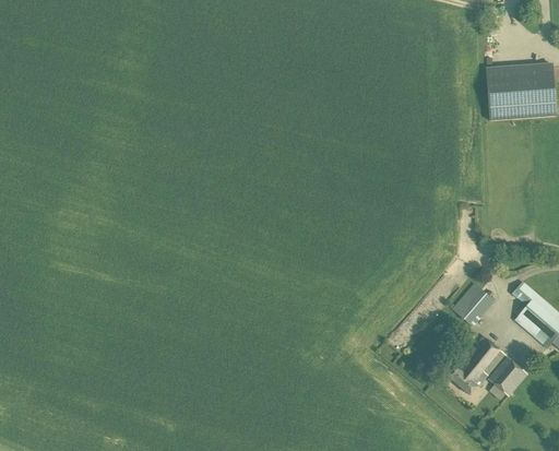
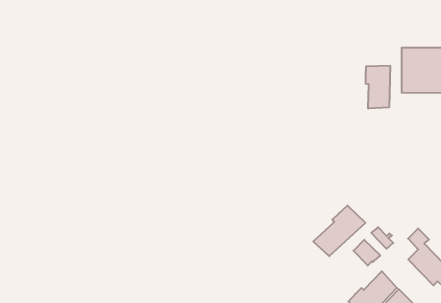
building: none -> [366,66,390,109]
building: none -> [313,205,365,256]

